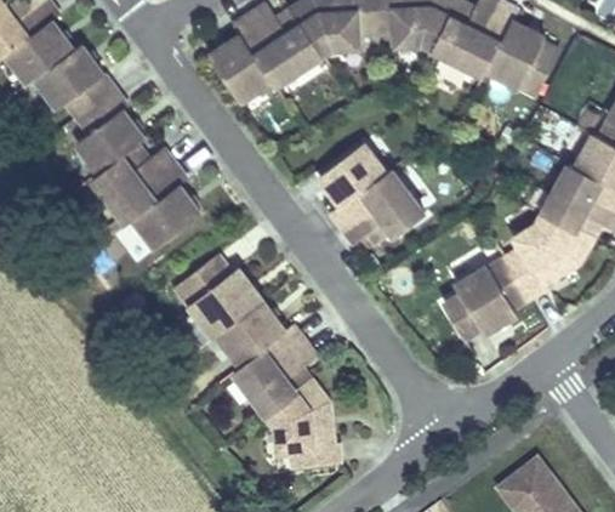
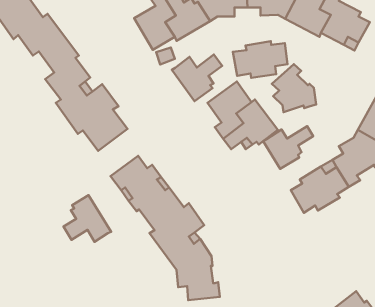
building: none -> [233,41,288,78]
building: none -> [172,55,222,101]
building: none -> [272,64,316,112]
building: none -> [263,126,313,169]
building: none -> [63,195,111,242]

